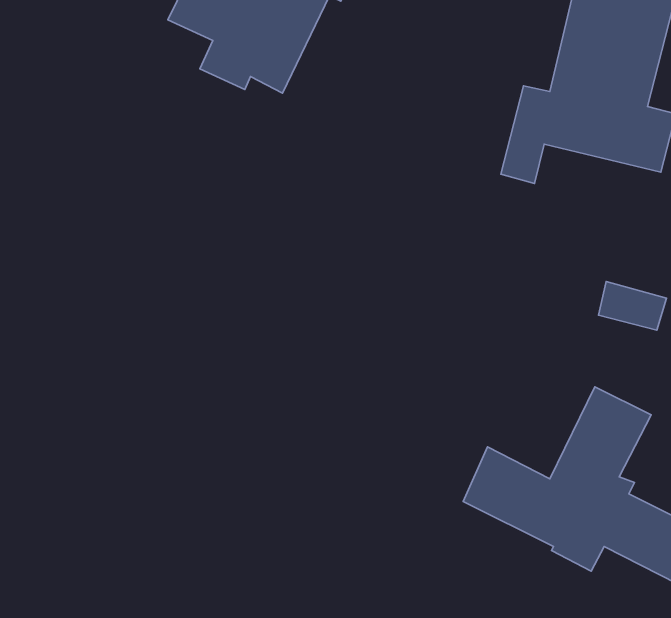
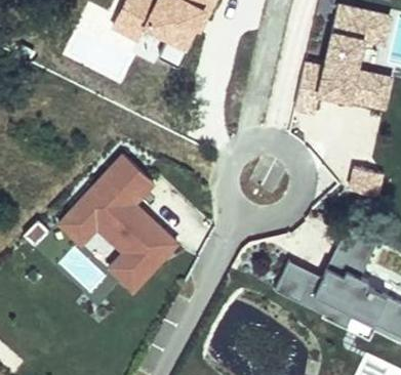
building: none -> [58,154,176,288]

